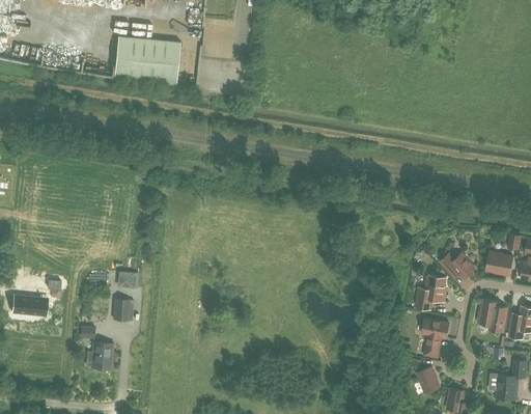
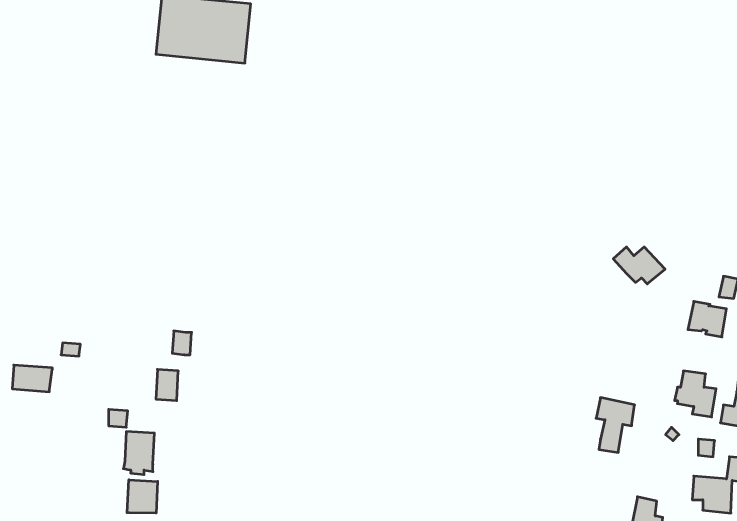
building: [439,252,475,278] -> [613,247,665,284]
building: [415,274,445,308] -> none
building: [408,357,439,392] -> none
building: none -> [127,480,158,513]

